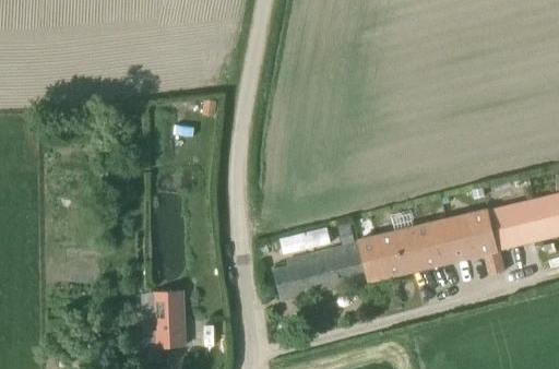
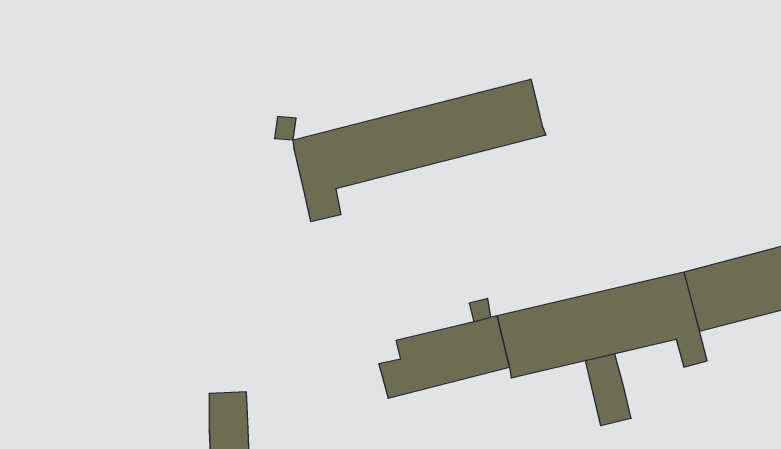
building: none -> [293,79,546,222]
building: none -> [586,354,631,426]

